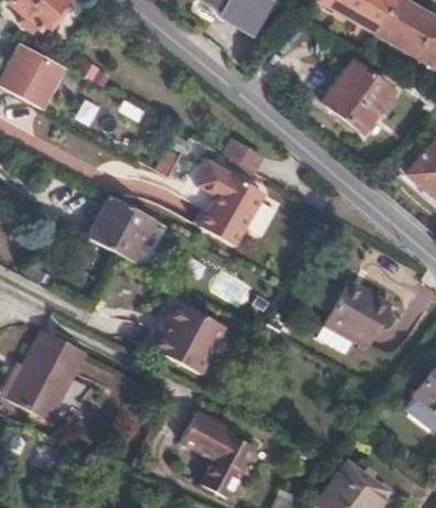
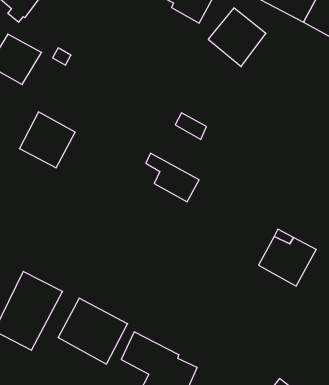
building: [326,61,395,131] -> [208,8,266,67]
building: [194,163,266,221] -> none
building: [89,197,156,264] -> [19,112,75,168]
building: [141,296,225,376] -> [58,298,128,364]

